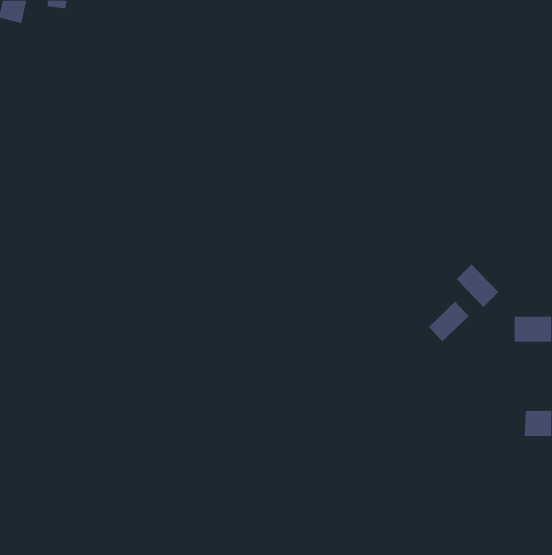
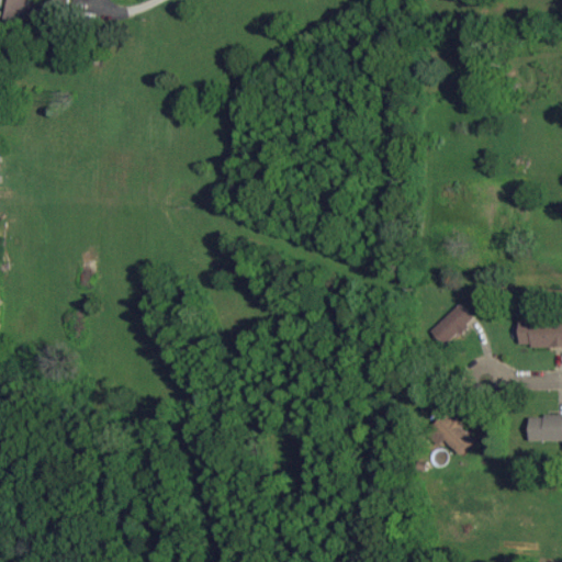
building: [456,263,499,308] -> none
building: none -> [430,413,476,456]

